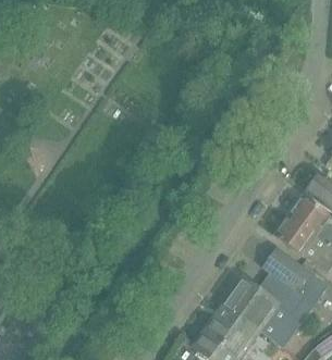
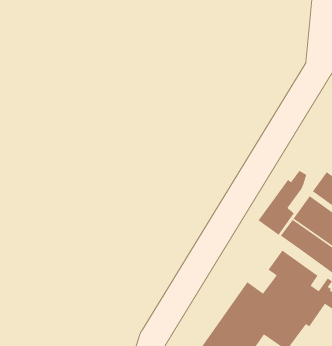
building: none -> [258,170,307,236]

